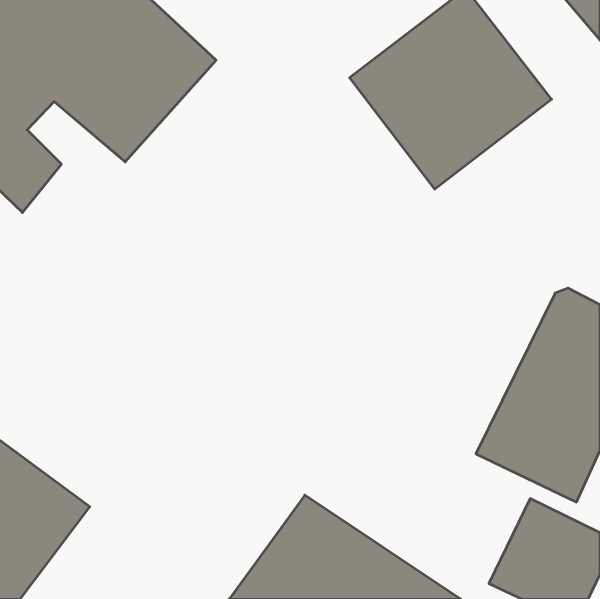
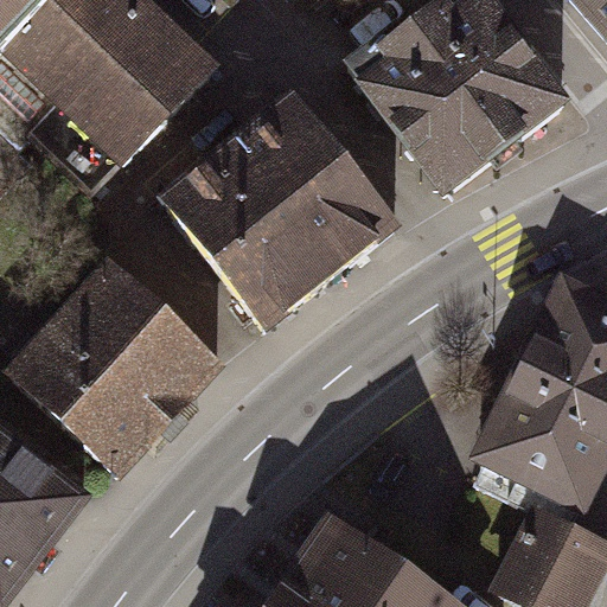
building: none -> [162,92,400,328]
building: none -> [14,263,224,473]

